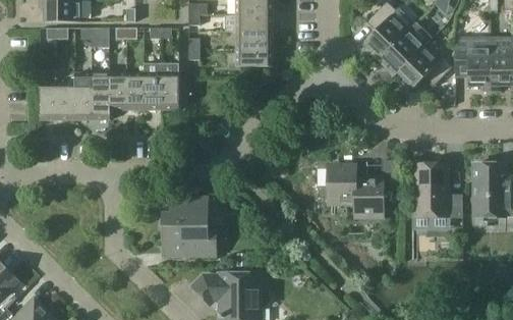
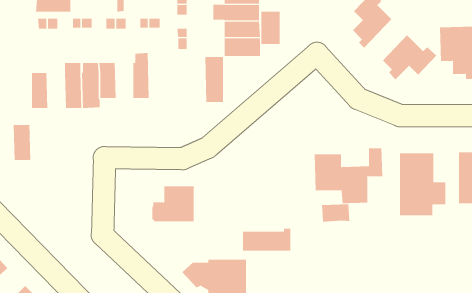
building: none -> [261,11,280,45]
building: [379,22,434,71] -> none
building: [160,63,179,110] -> [205,56,224,103]
building: [126,73,144,110] -> none
building: [57,84,75,120] -> [13,125,31,161]
building: none -> [322,204,350,223]
building: [165,232,215,256] -> [242,228,291,251]

